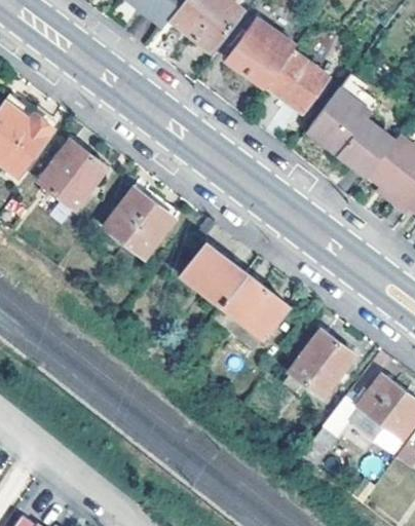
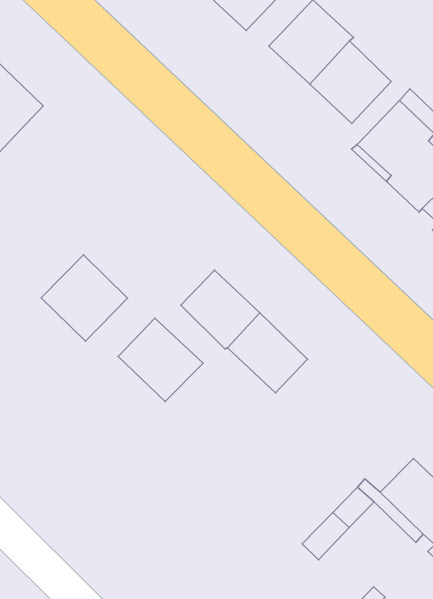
building: [40,141,107,209] -> none
building: [106,189,175,258] -> [41,255,128,341]
building: none -> [118,318,203,401]
building: [290,331,354,397] -> none

